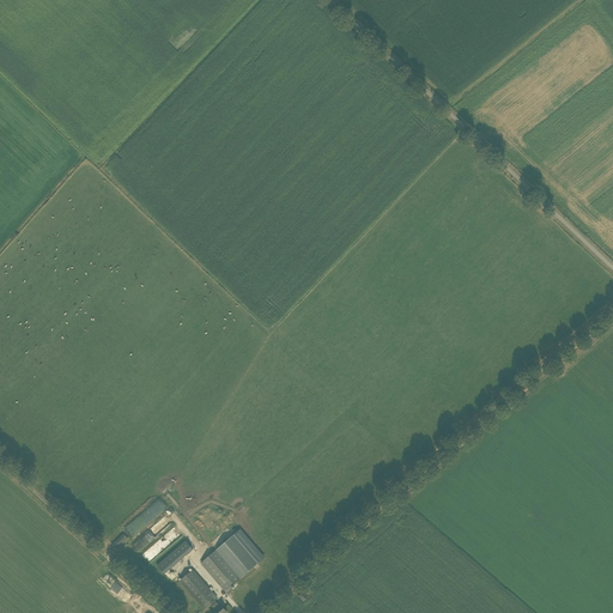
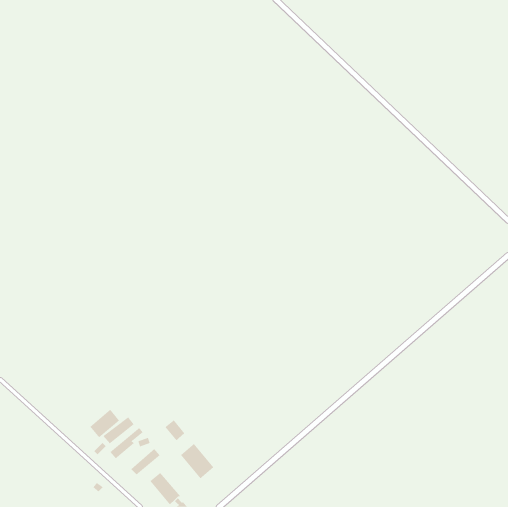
building: none -> [89,409,120,438]
building: [202,547,242,589] -> none

